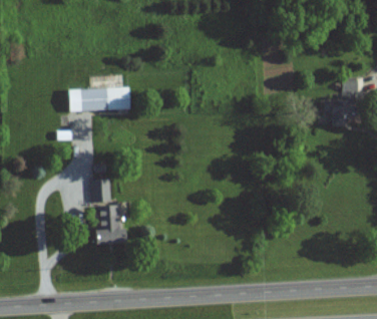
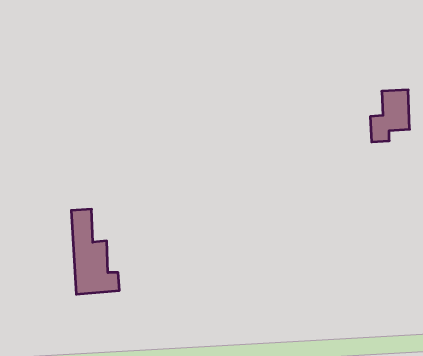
building: [69,87,130,111] -> none

